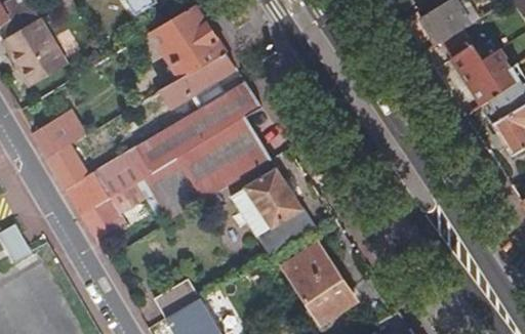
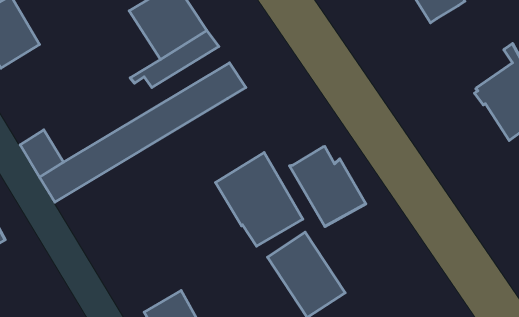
building: [442,28,514,106] -> none
building: [32,112,83,160] -> none
building: [79,116,270,244] -> none
building: none -> [290,146,366,226]
building: [153,279,199,319] -> none

